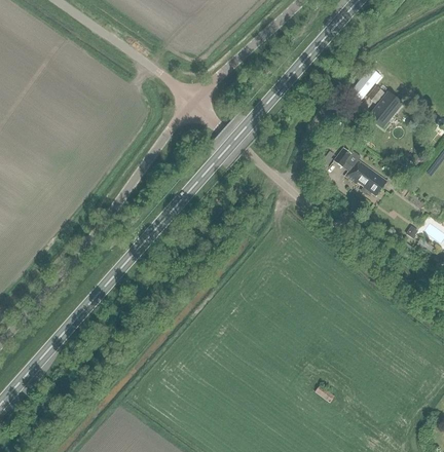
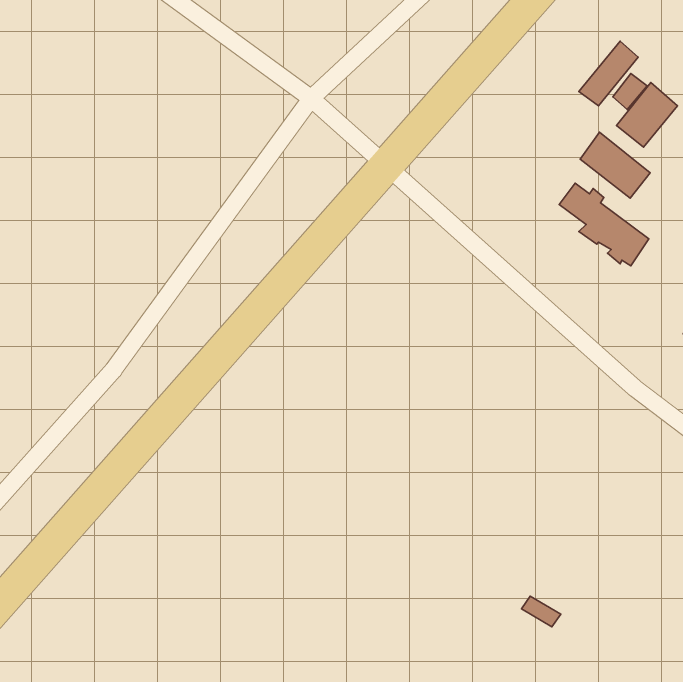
building: none -> [580,132,650,198]

